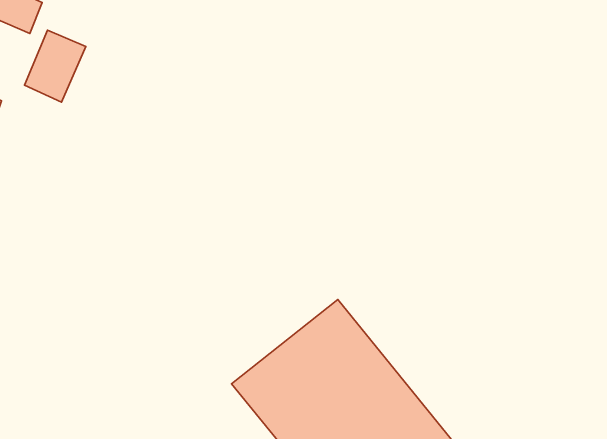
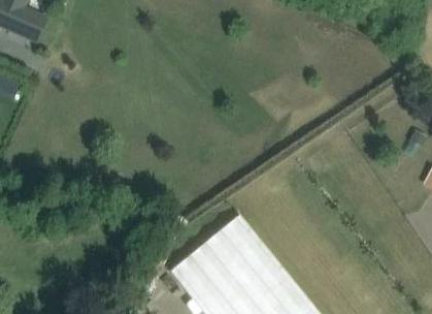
building: [25,30,86,102] -> none

